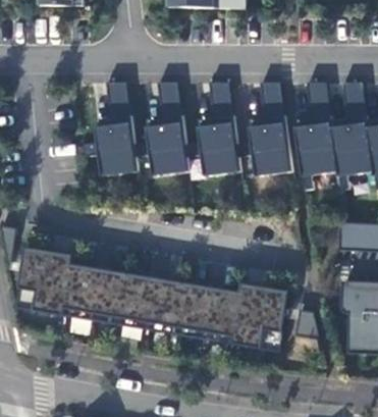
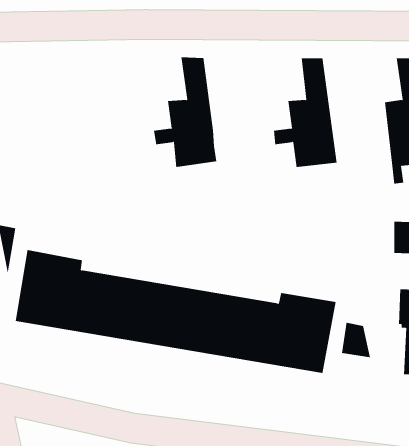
building: [84,83,139,176] -> none
building: [186,83,240,176] -> none
building: [295,83,338,191] -> none

